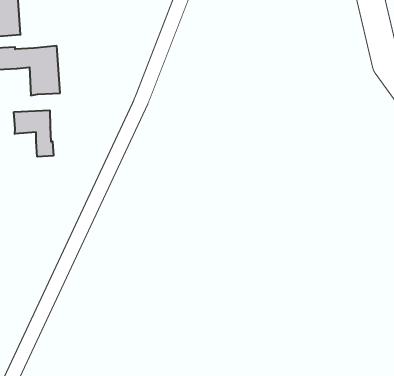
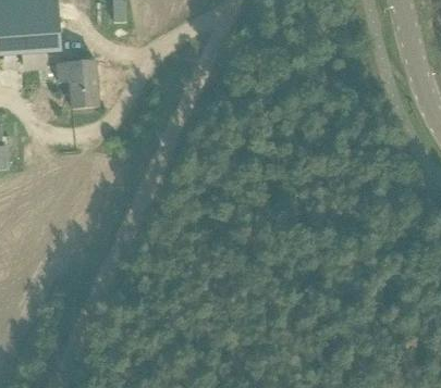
building: [14,110,53,157] -> none

